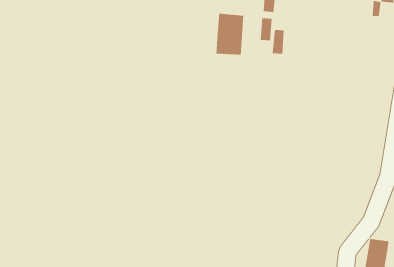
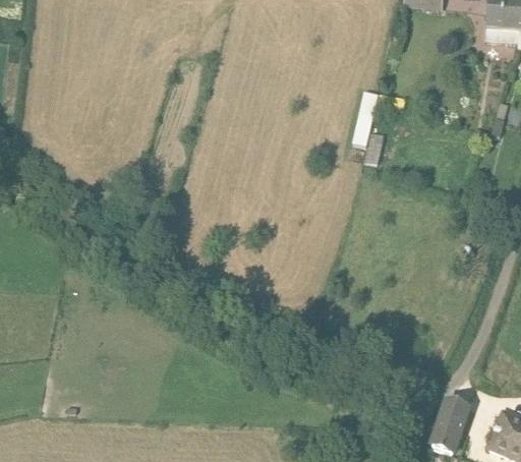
building: [216,13,244,56] -> none

